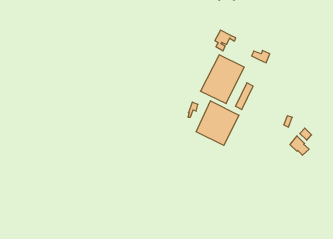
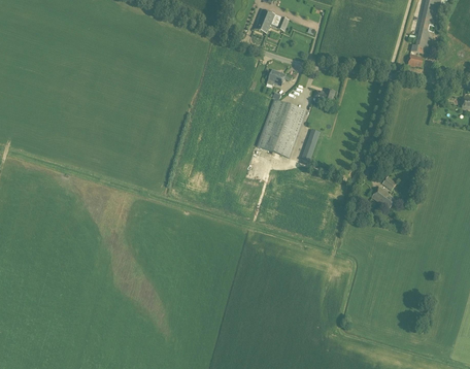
building: [196,101,239,145] -> none

